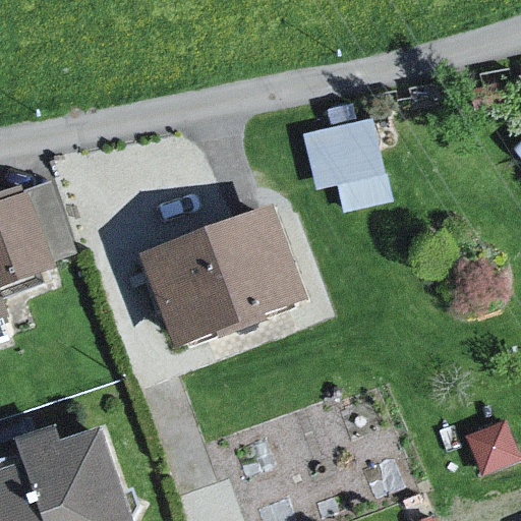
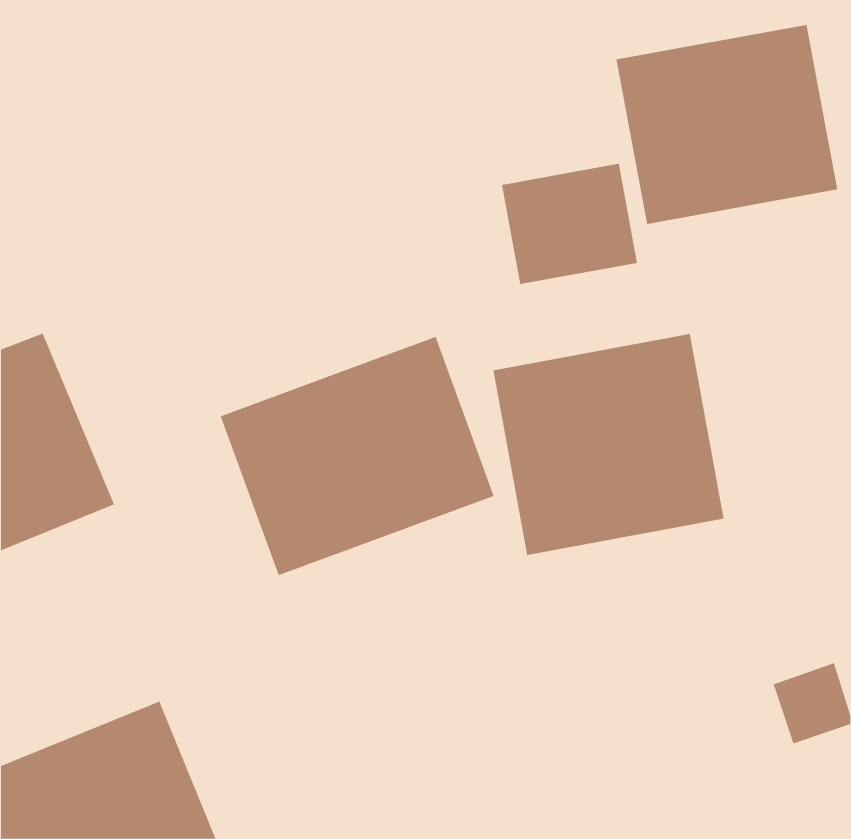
building: none -> [616,24,838,225]
building: none -> [493,333,724,556]

